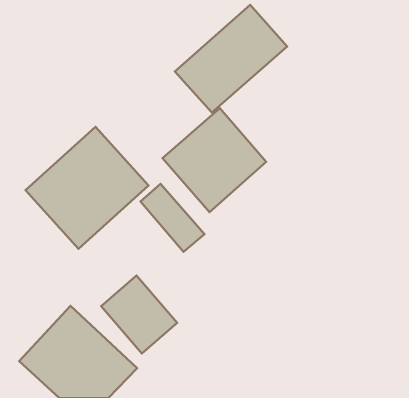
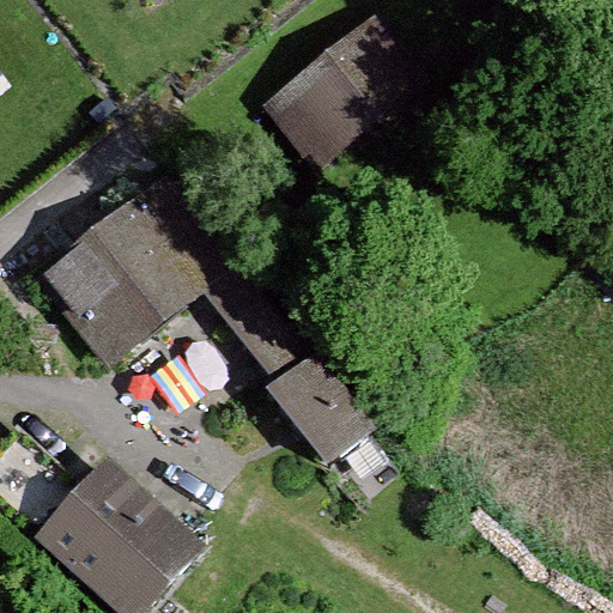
building: [163,108,266,212] -> none
building: [101,276,177,353] -> [262,351,376,467]

